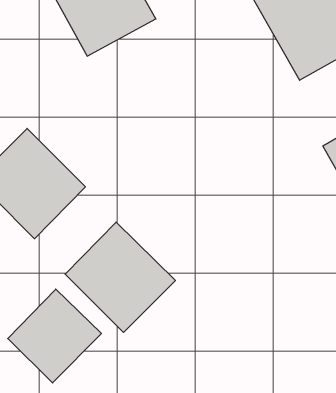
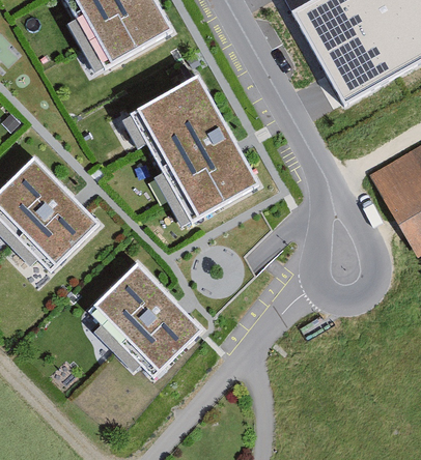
building: none -> [128,79,262,231]
building: [8,289,101,383] -> none

